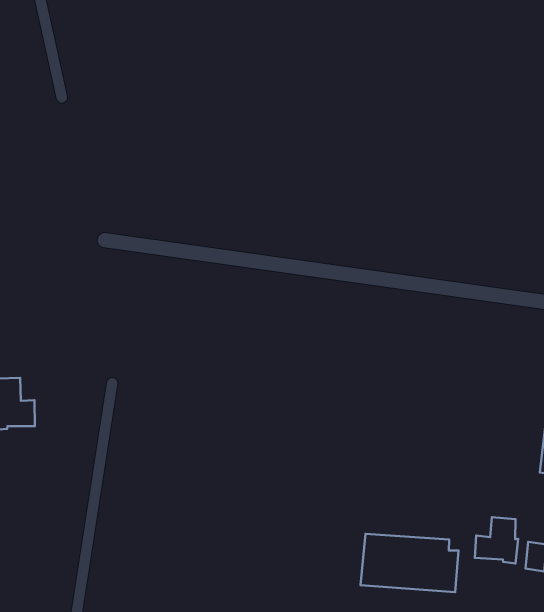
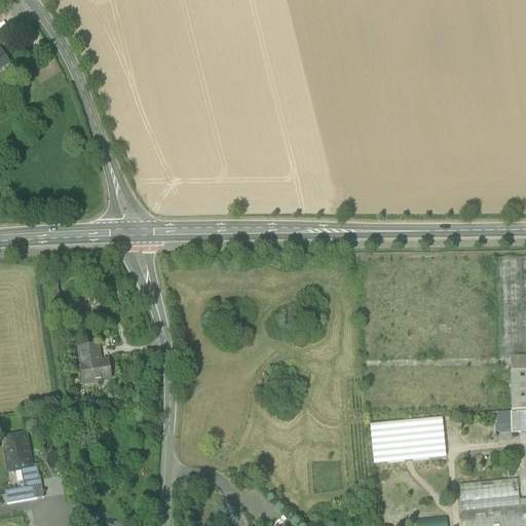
building: [475,517,518,563] -> none

